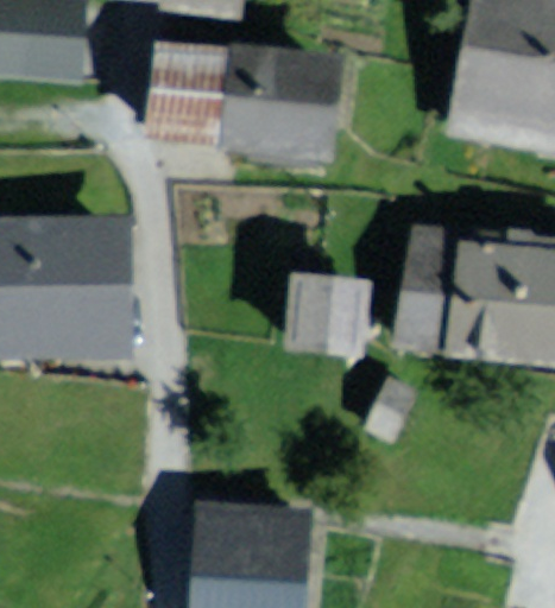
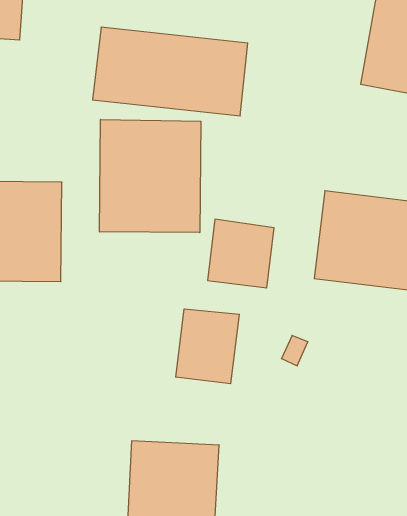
building: none -> [100,119,201,233]
building: none -> [176,309,239,384]

